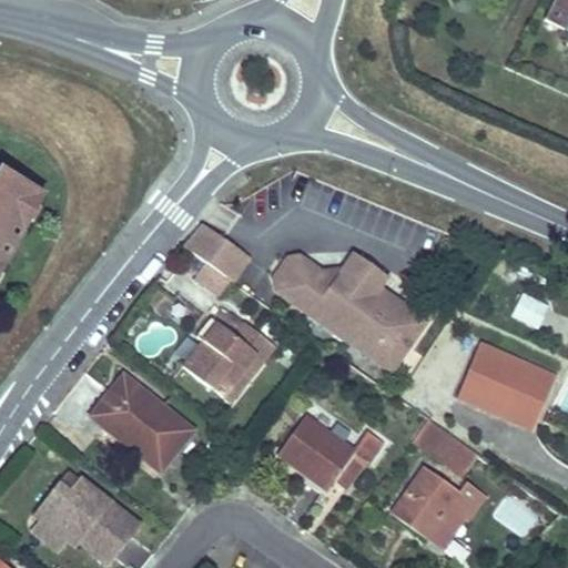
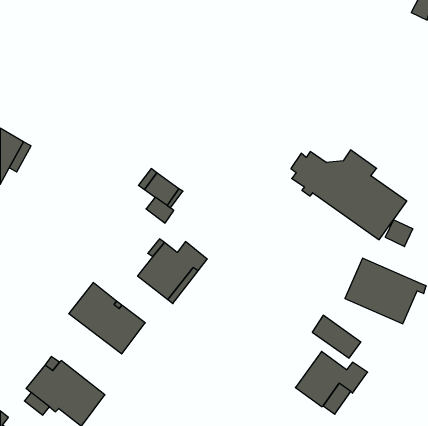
building: [267,247,420,366] -> [291,150,407,240]
building: [277,414,383,488] -> none

